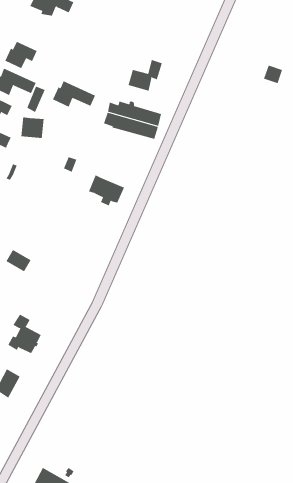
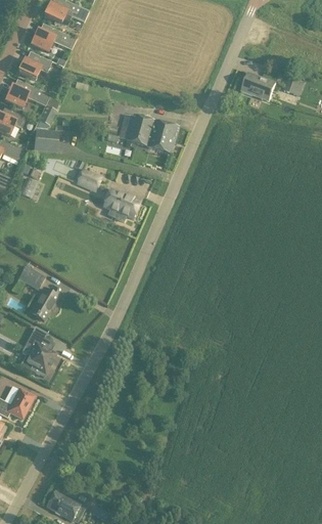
building: [128,59,162,92] -> none
building: none -> [241,71,276,100]
building: [52,81,96,108] -> [31,23,76,50]
building: none -> [29,287,61,319]

